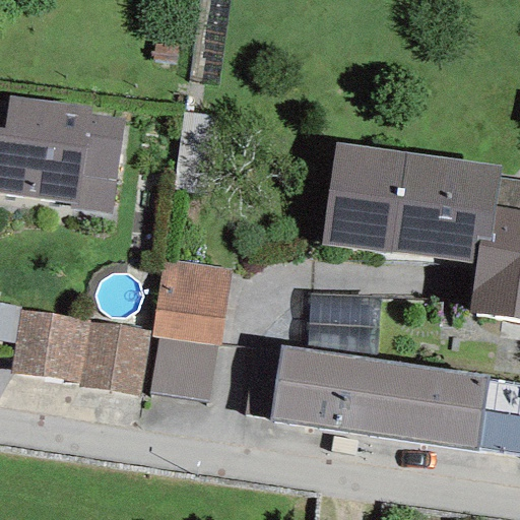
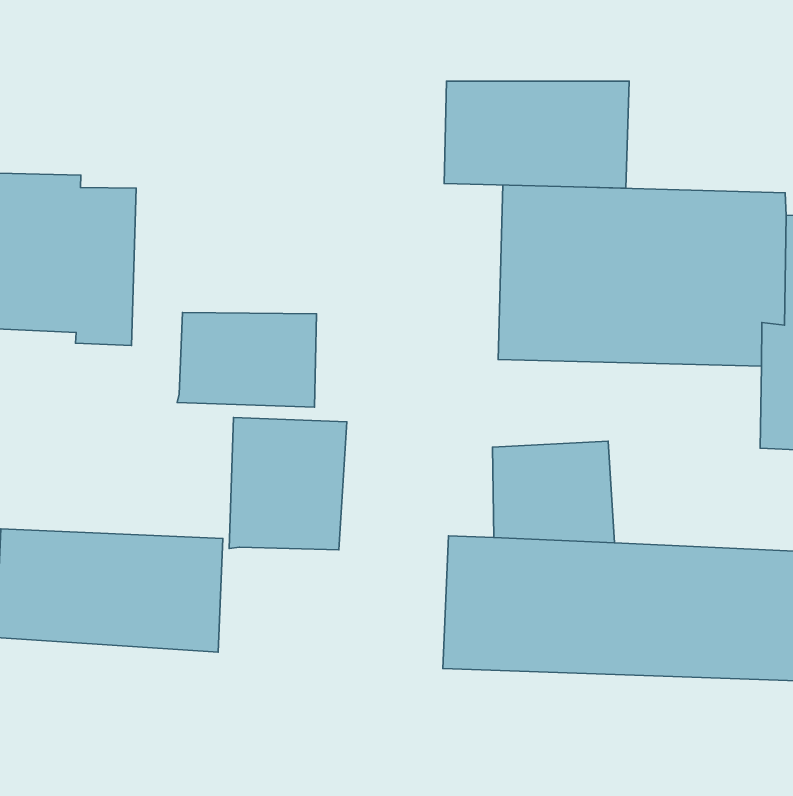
building: none -> [444,81,629,188]
building: none -> [177,312,317,407]
building: [151,335,216,401] -> none

